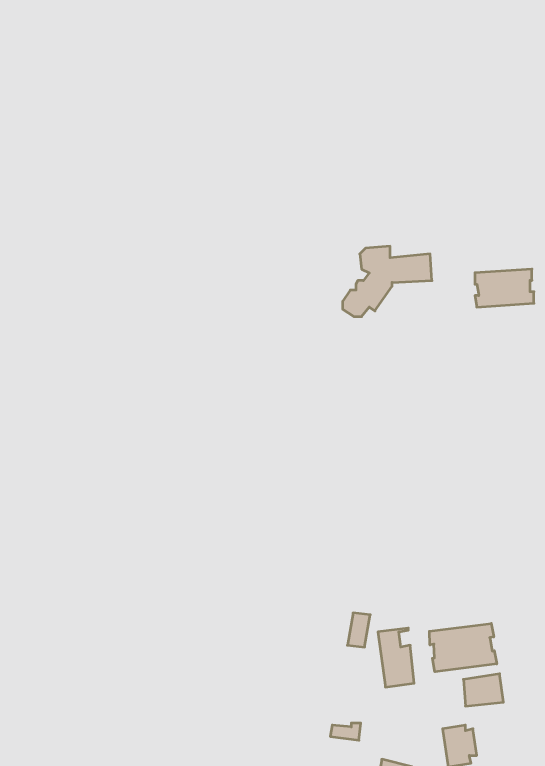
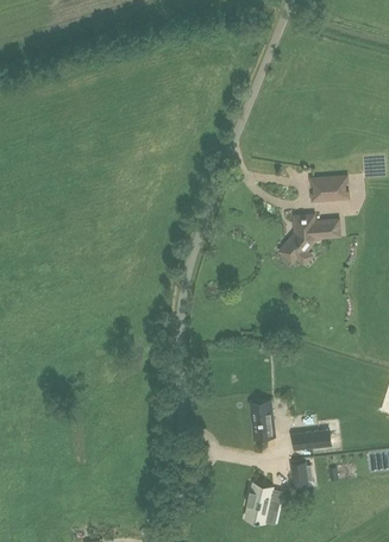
building: [343,246,432,317] -> [283,213,339,257]
building: [429,623,497,672] -> none

